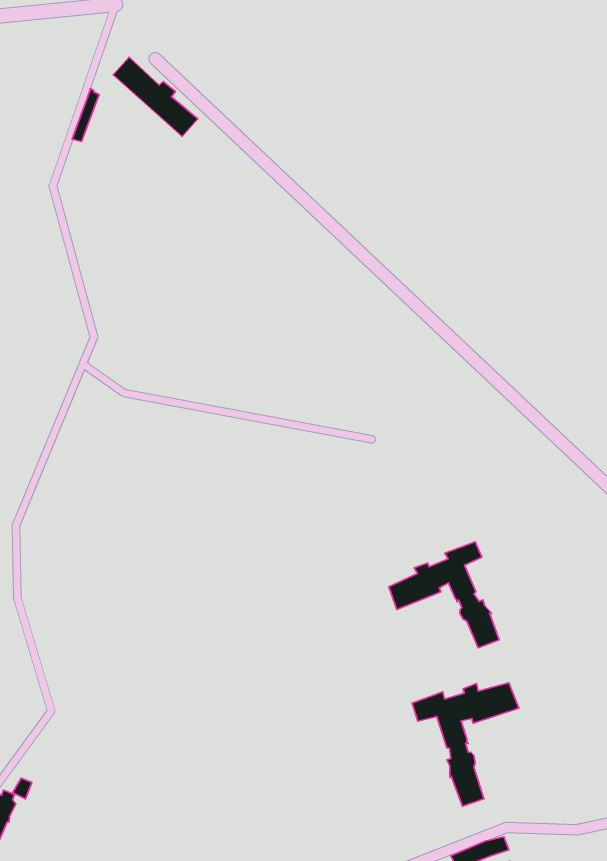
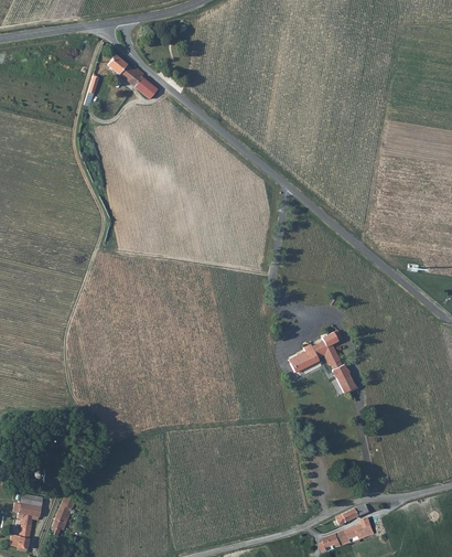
building: [412,683,519,806] -> none

